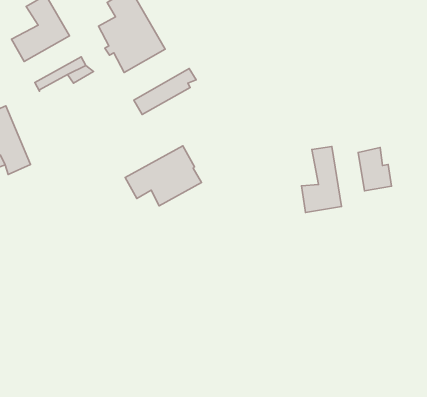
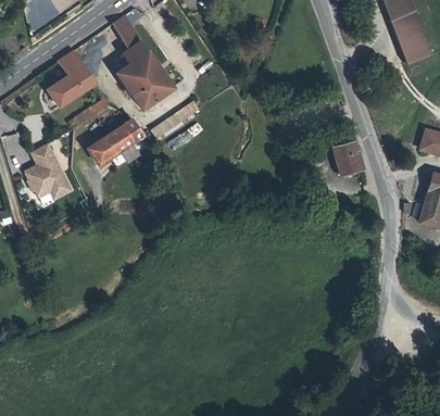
building: [125,146,201,206] -> [87,116,149,166]
building: [301,146,342,213] -> none

